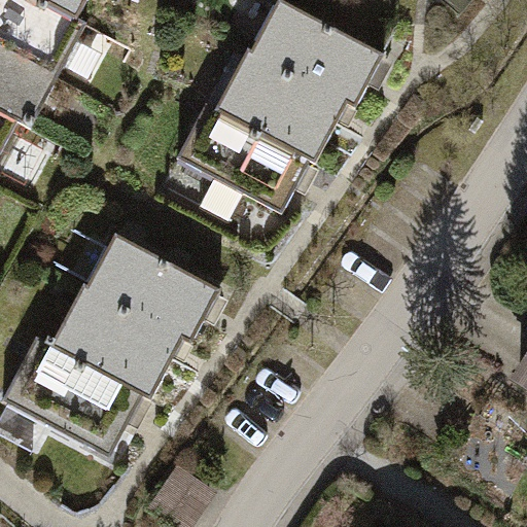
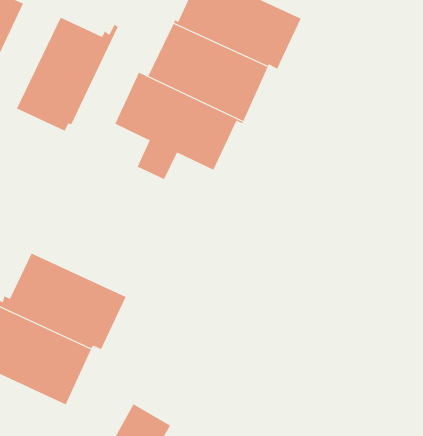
building: none -> [16,17,119,132]
building: [79,233,219,343] -> none

